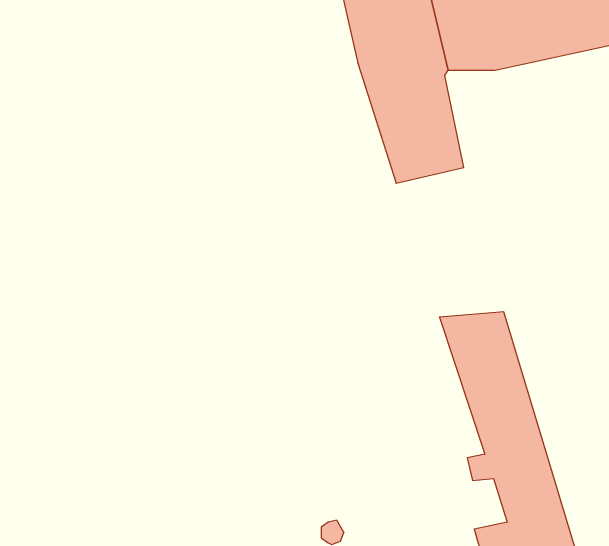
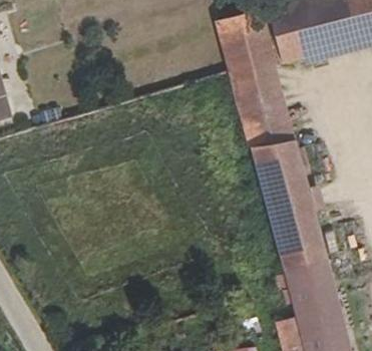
building: none -> [244,109,306,196]

